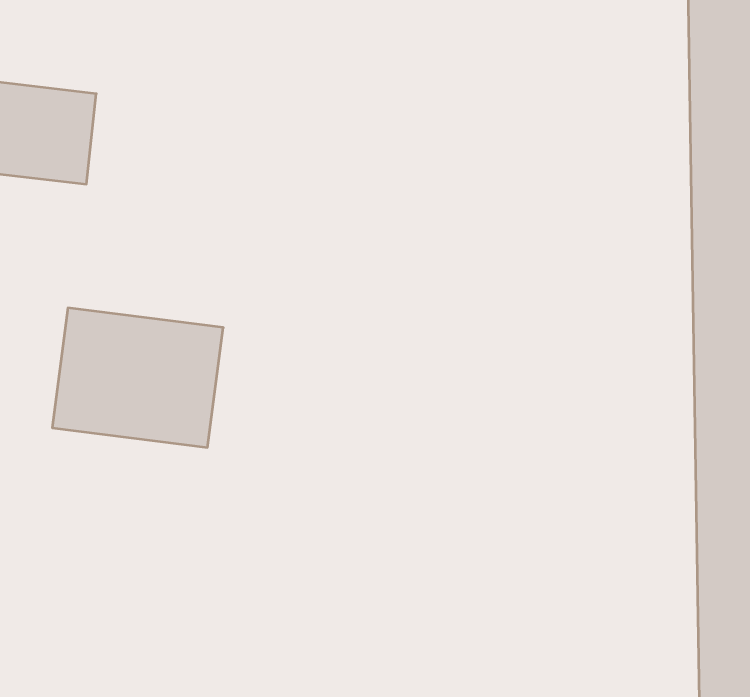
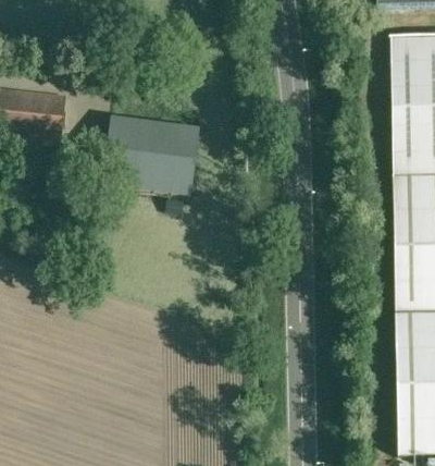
building: [52,308,223,447] -> [102,116,197,194]

